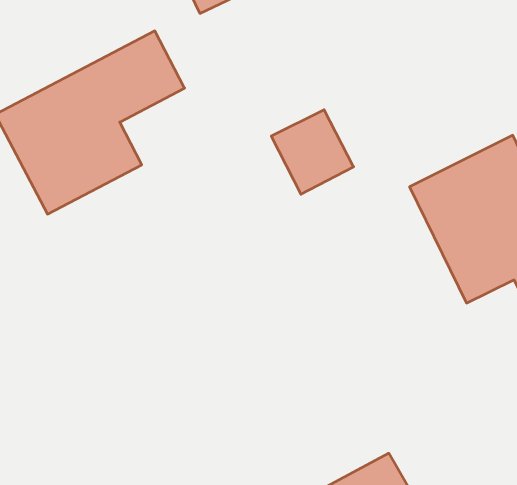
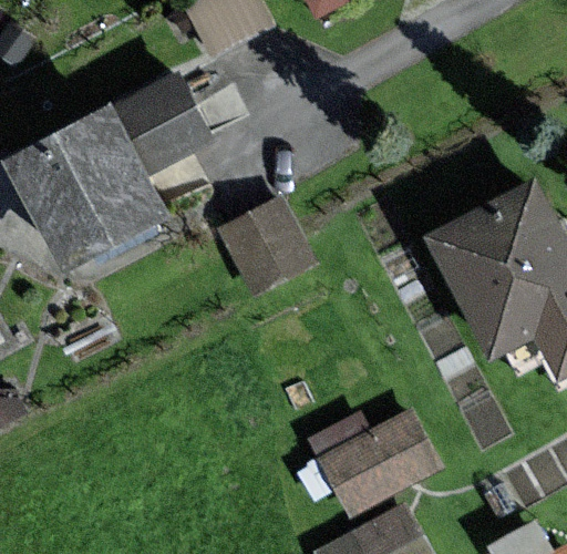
building: [271,110,354,194] -> [218,203,301,288]
building: none -> [319,409,446,519]

